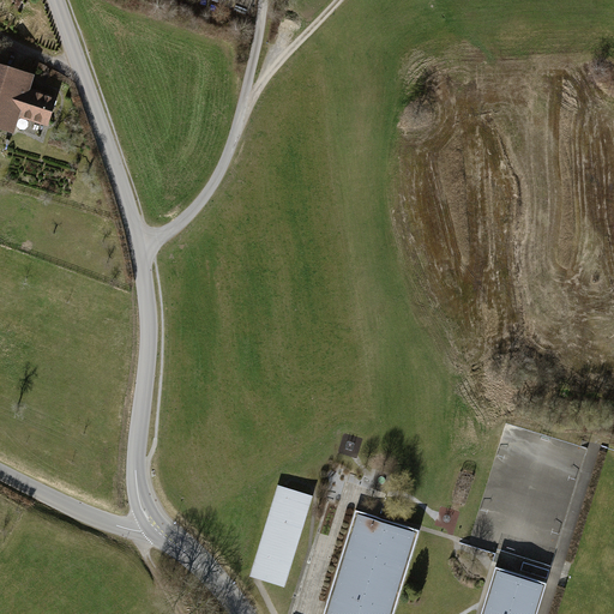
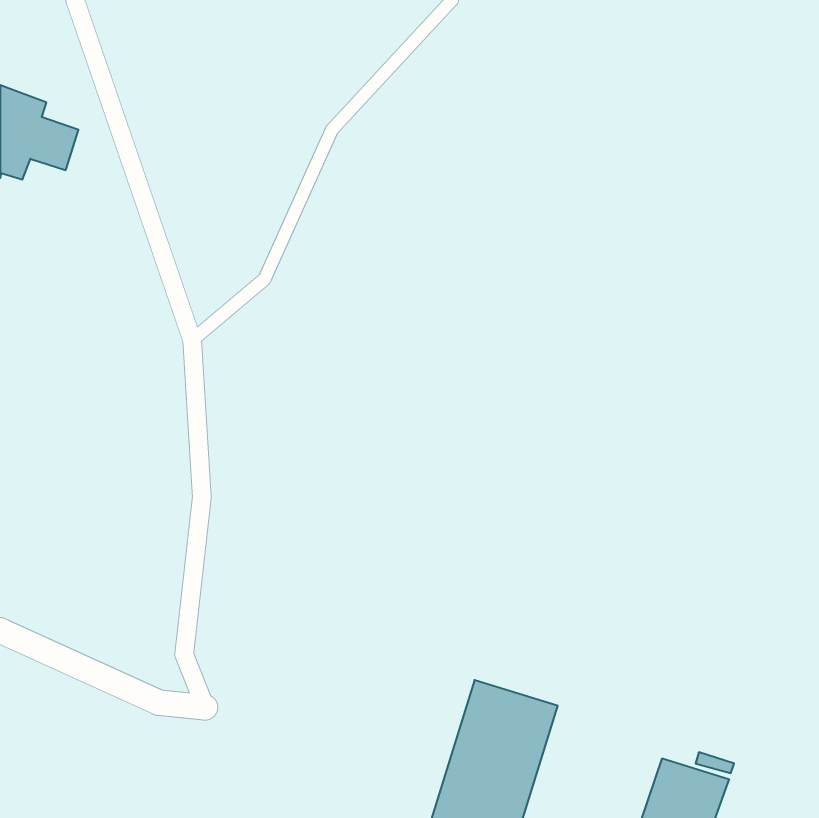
building: [249,487,313,589] -> none

